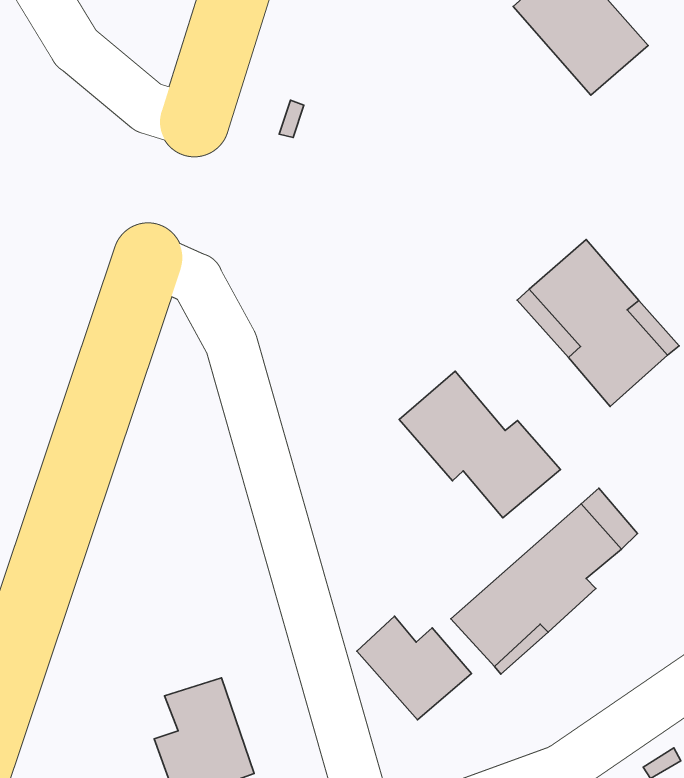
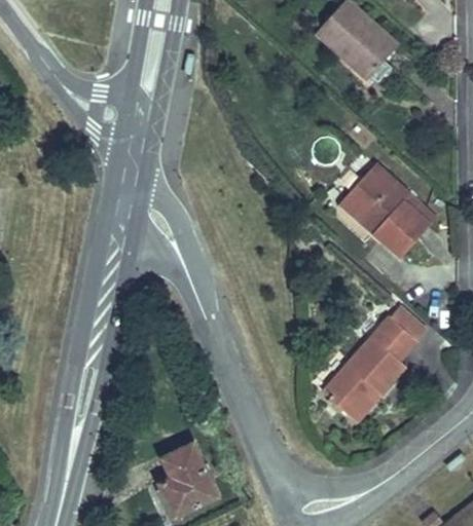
building: [399,371,561,518] -> none
building: [357,616,472,720] -> none

